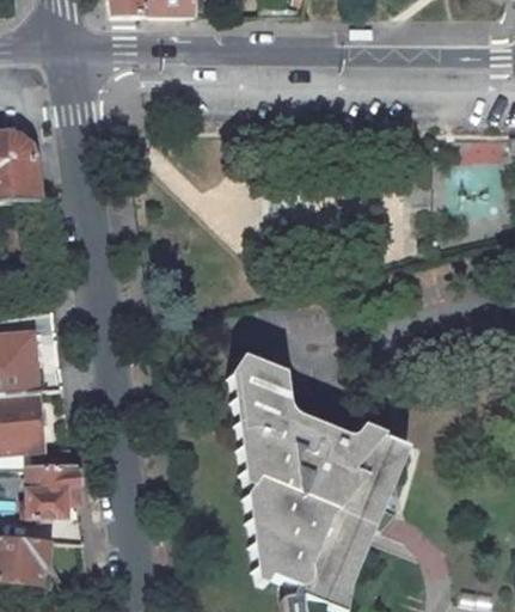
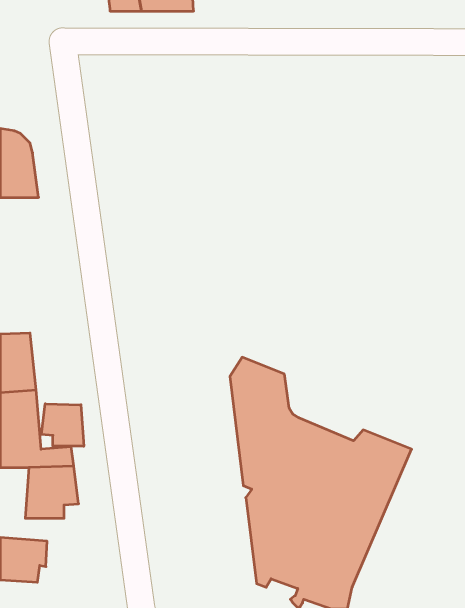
building: none -> [41,404,84,446]

